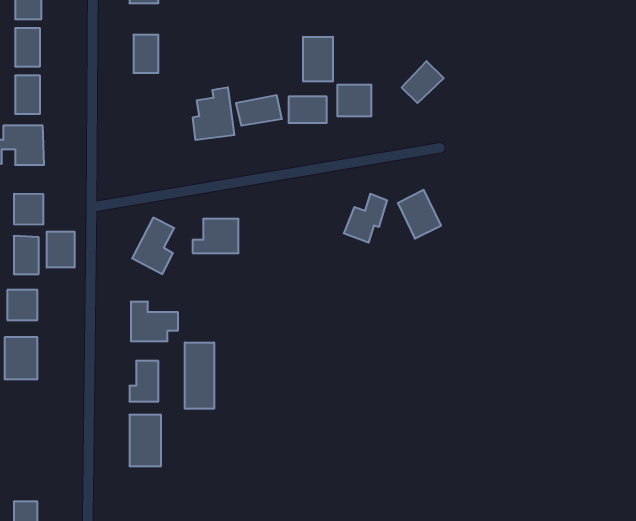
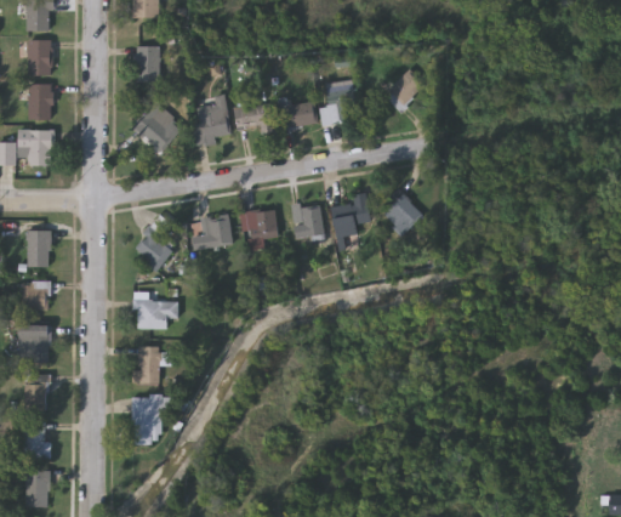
building: [303,37,333,81] -> none
building: none -> [133,103,184,153]
building: [14,194,43,225] -> none
building: none -> [297,205,325,237]
building: none -> [245,210,278,250]
building: [47,232,74,268] -> none
building: [185,342,214,409] -> none
building: none -> [24,384,46,411]
building: none -> [24,424,46,459]

